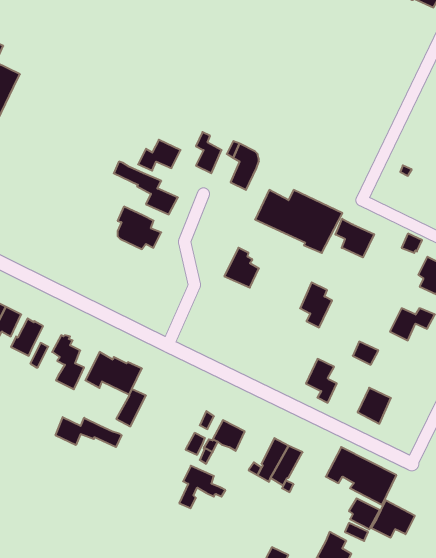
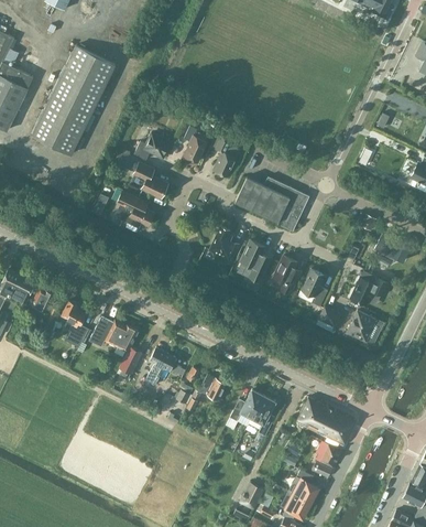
building: none -> [31,45,116,154]
building: [335,219,374,257] -> none
building: none -> [240,240,271,282]
building: [306,359,337,403] -> [301,269,327,306]
building: [358,388,391,424] -> [347,311,375,342]
building: [56,417,122,447] -> none
building: [179,466,225,508] -> [145,348,185,385]
building: [371,500,415,538] -> none

